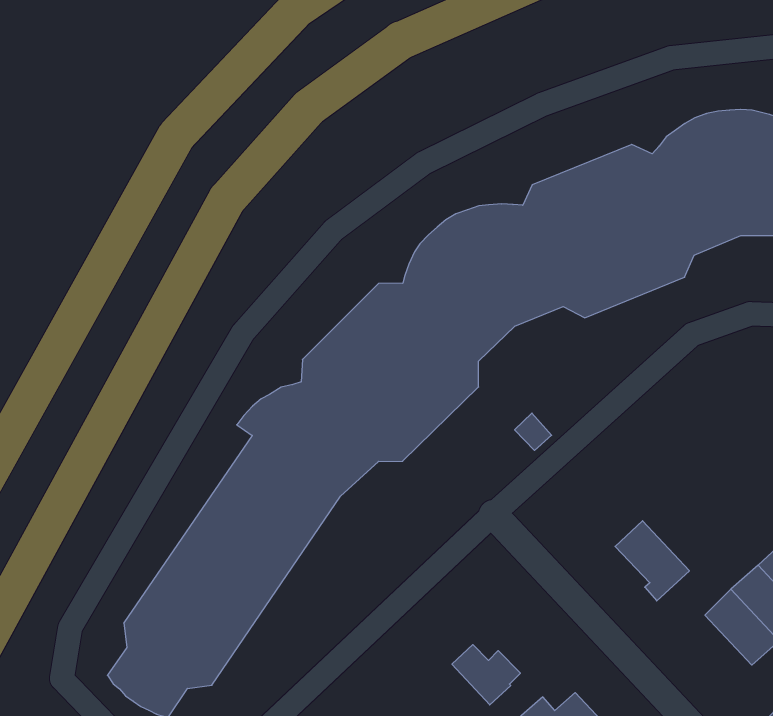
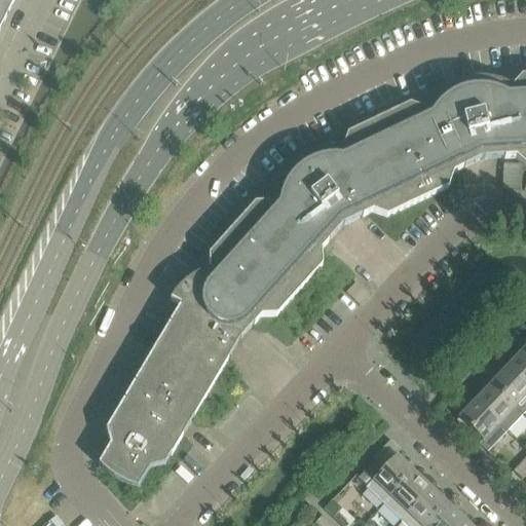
building: [615,521,689,601] -> [458,398,506,448]
building: [452,645,520,705] -> none

